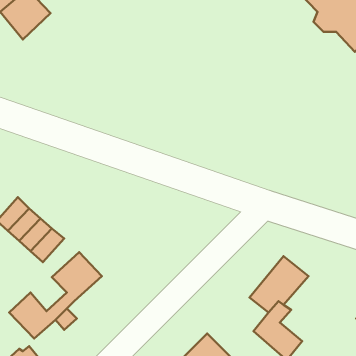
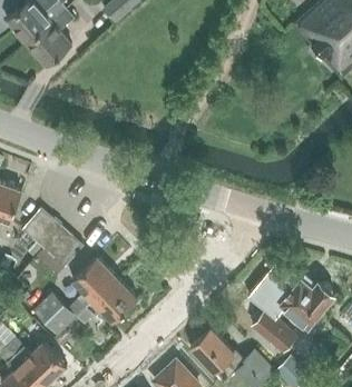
building: none -> [92,278,137,321]
building: none -> [278,278,334,328]

